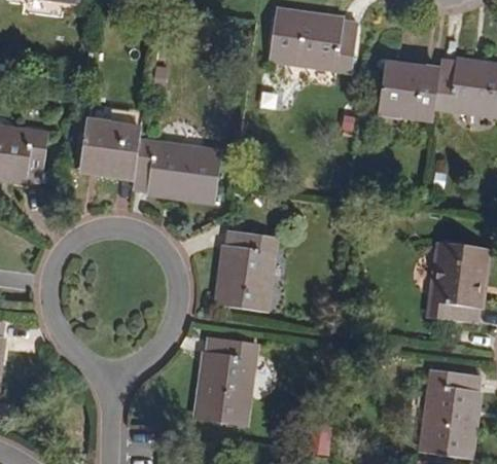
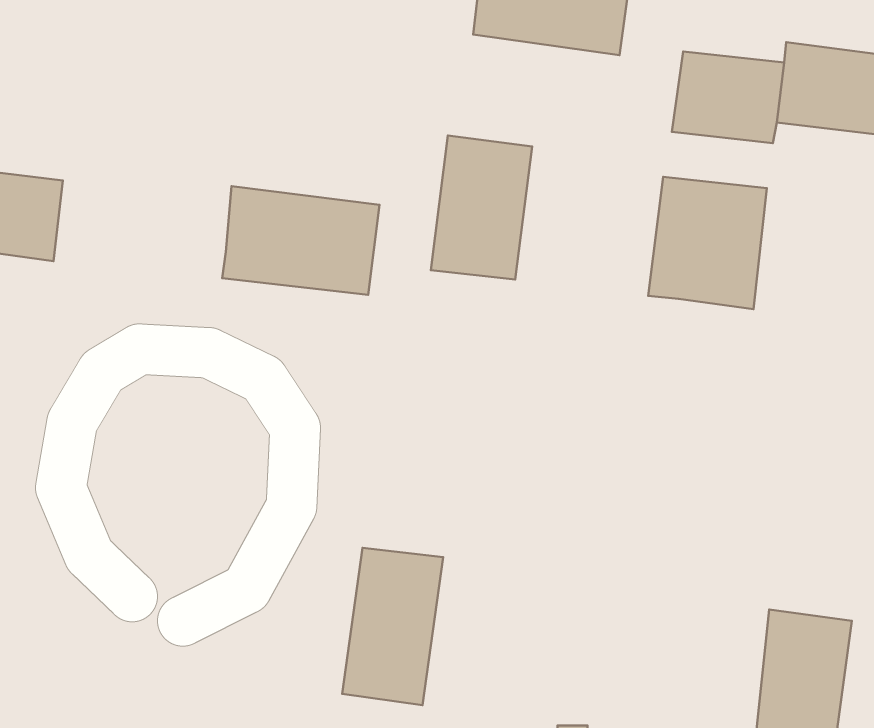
building: [80,126,138,175] -> none
building: none -> [648,177,767,309]
building: [219,229,275,309] -> [431,135,532,280]
building: [431,244,484,321] -> none

